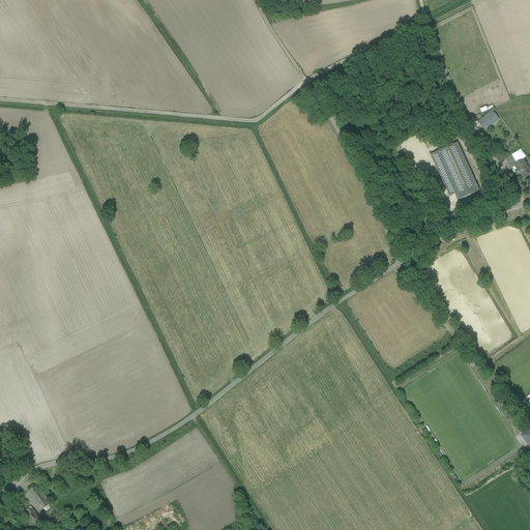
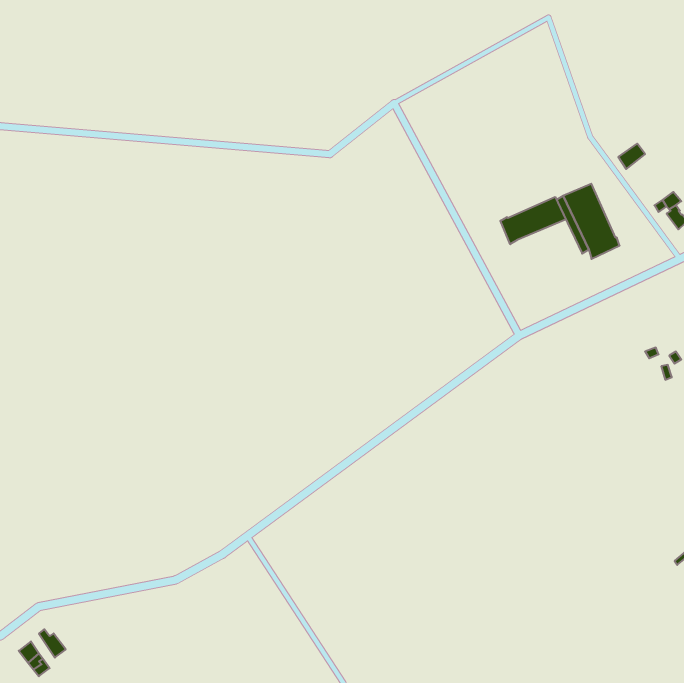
building: none -> [500,197,566,244]

